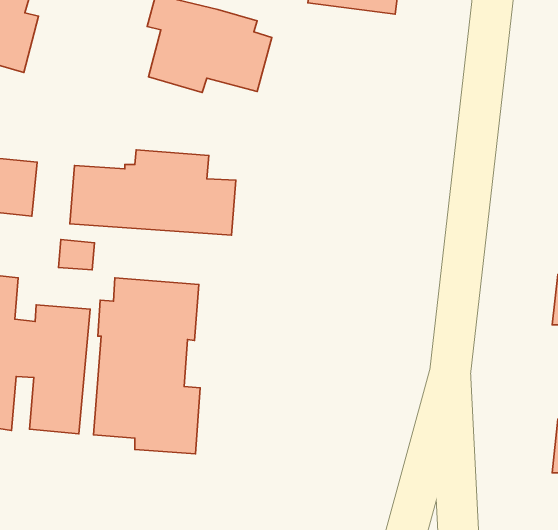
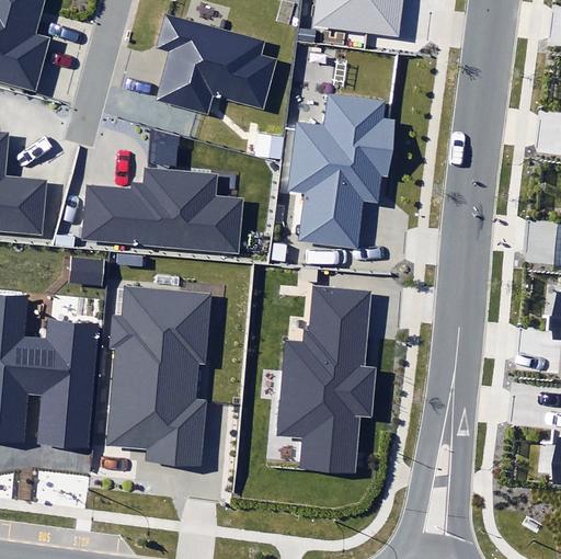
building: none -> [291,99,394,251]
building: none -> [275,286,376,471]

